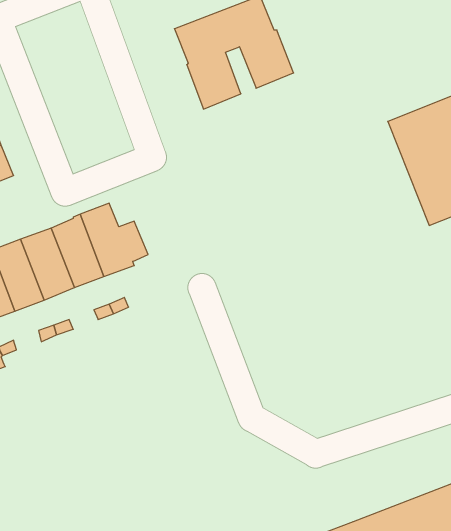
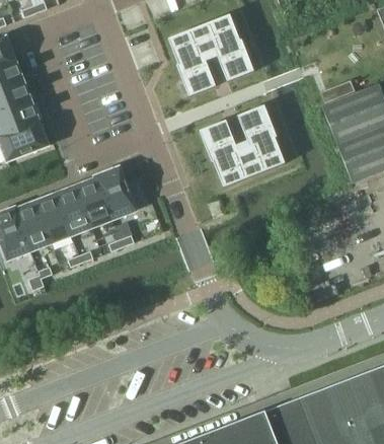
building: none -> [199,104,286,188]

